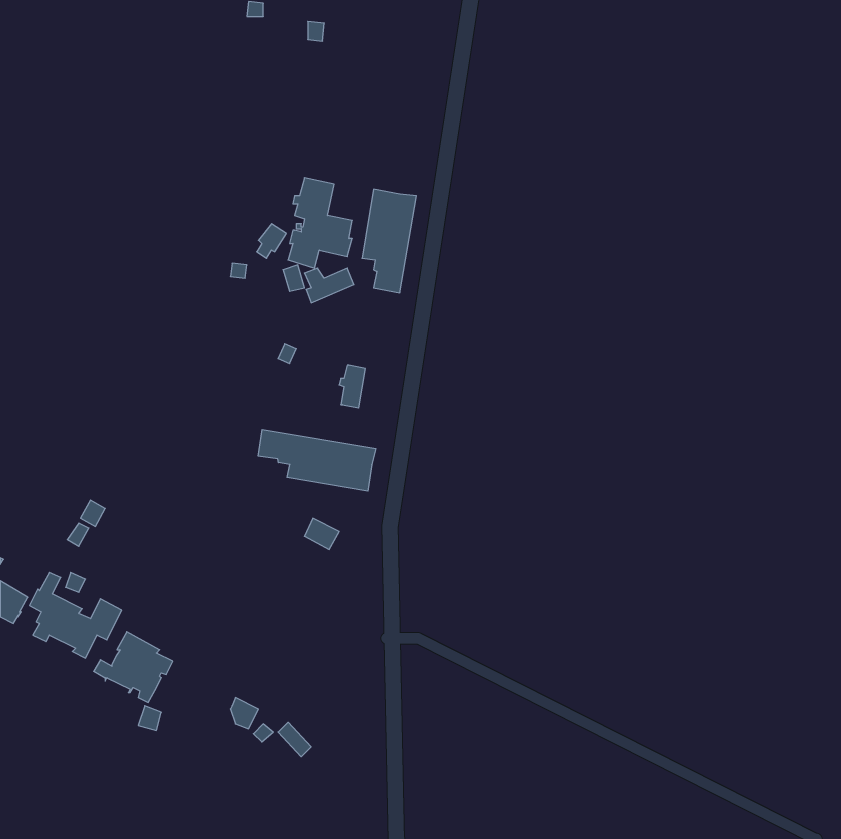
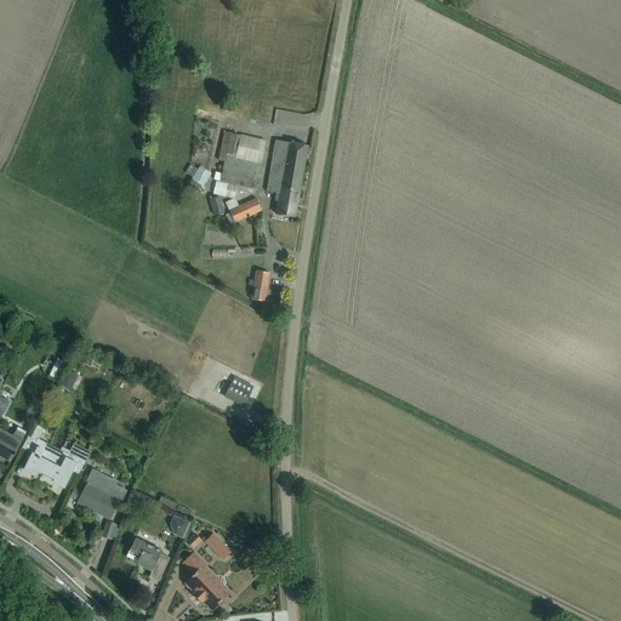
building: [258,430,376,491] -> none
building: none -> [127,537,170,580]
building: none -> [182,551,229,609]

